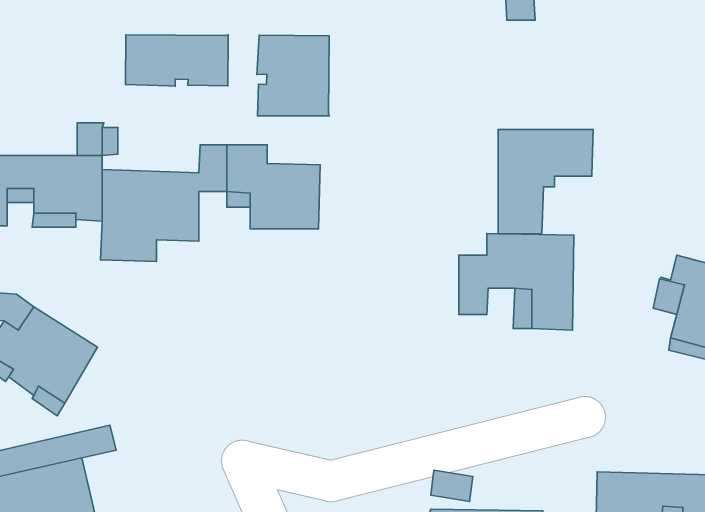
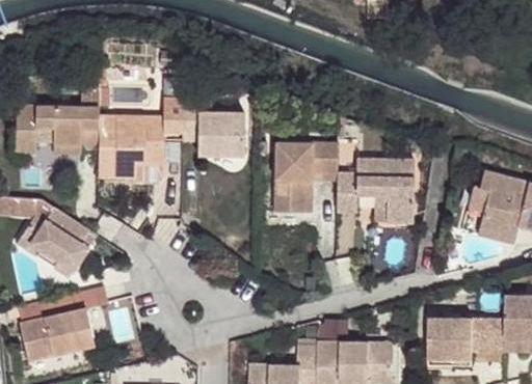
building: [125,35,228,86] -> none
building: [257,35,329,116] -> none
building: [498,129,593,234] -> [275,142,339,212]

